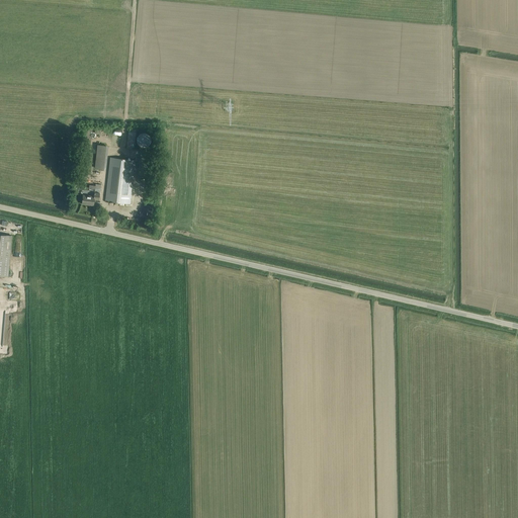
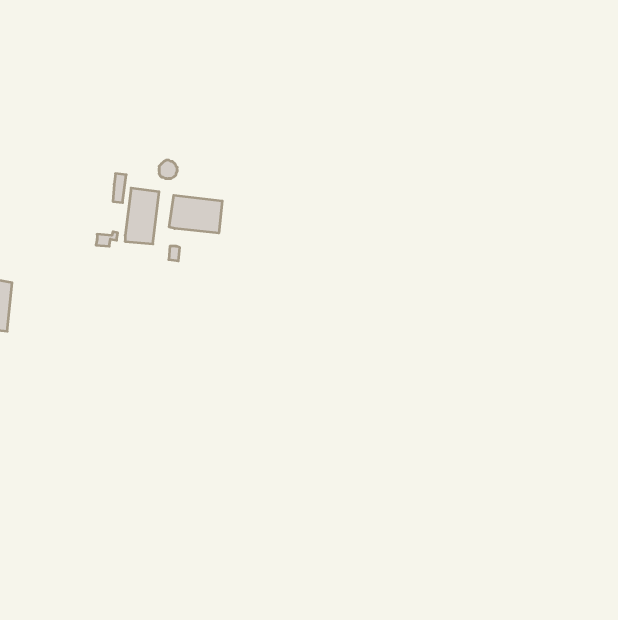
building: none -> [169,195,222,233]

